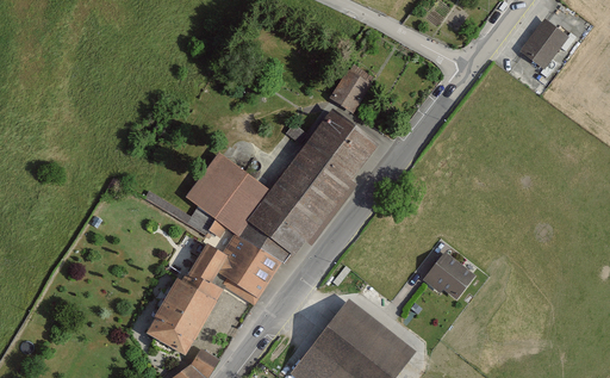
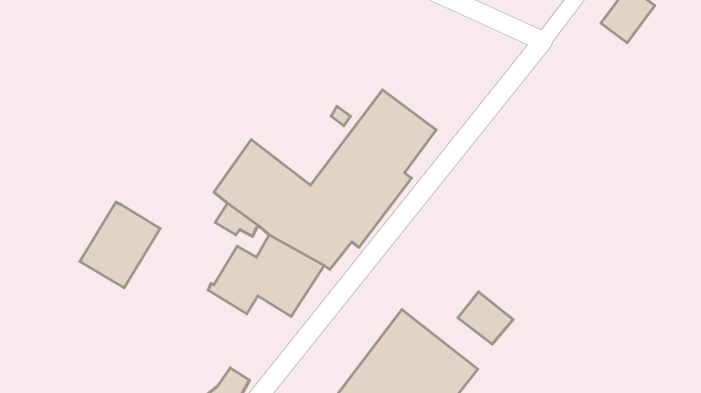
building: [329,69,371,112] -> none
building: [427,252,474,297] -> [458,292,513,344]
building: [145,279,214,353] -> [80,202,160,288]

